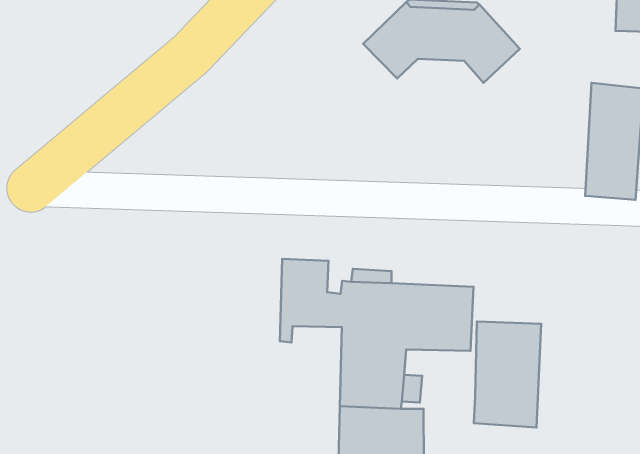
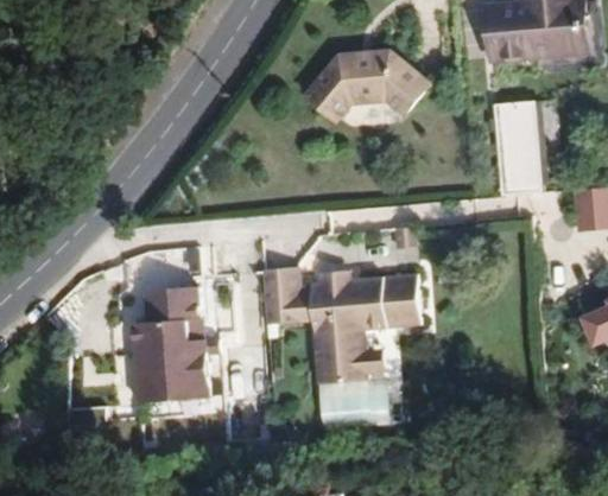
building: none -> [132,285,224,403]
building: [474,322,541,427] -> none

